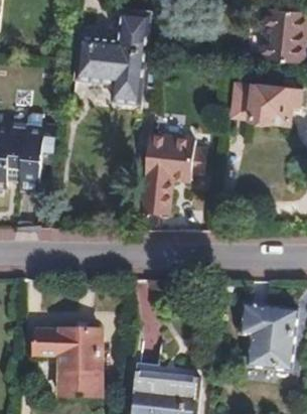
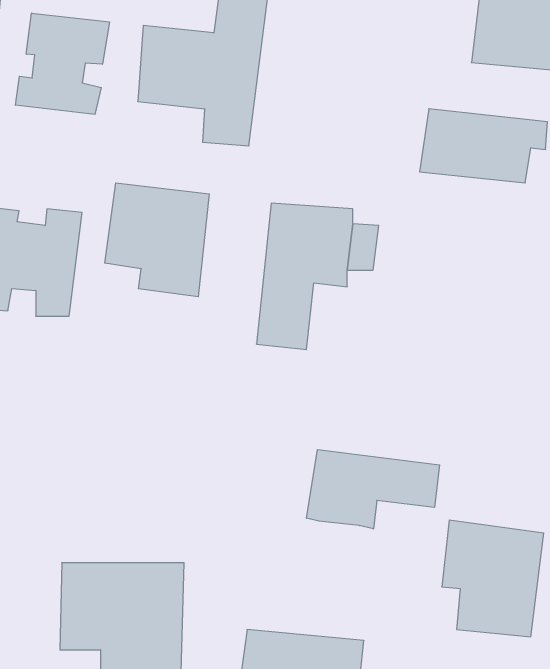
building: none -> [16,13,109,114]
building: none -> [105,183,209,297]
building: none -> [306,450,440,529]

